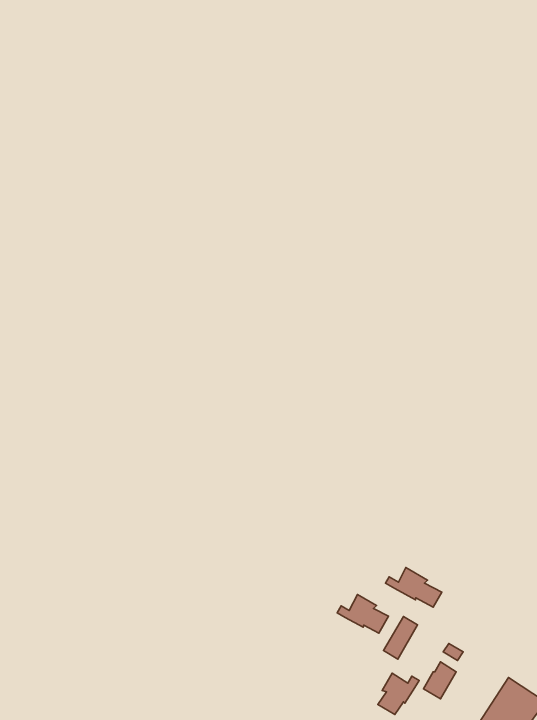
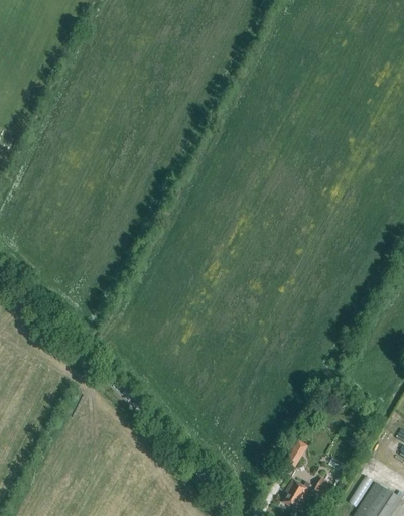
building: [386,568,442,607] -> none
building: [337,594,389,633] -> none

